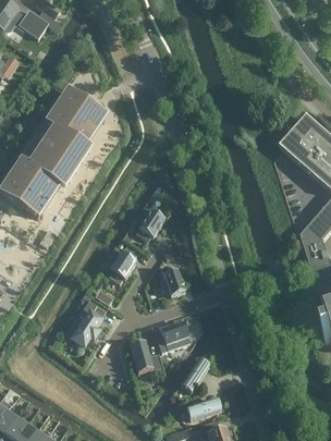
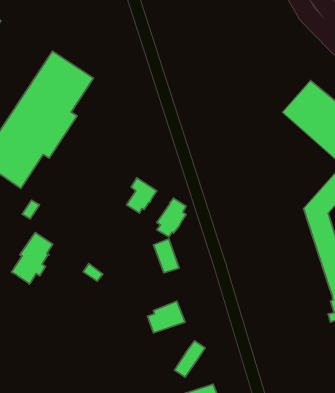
building: [109,246,136,282] -> [157,198,186,237]
building: [68,298,106,346] -> [12,232,53,284]
building: [130,341,161,372] -> none

